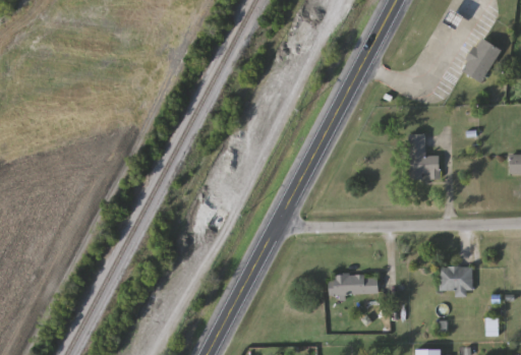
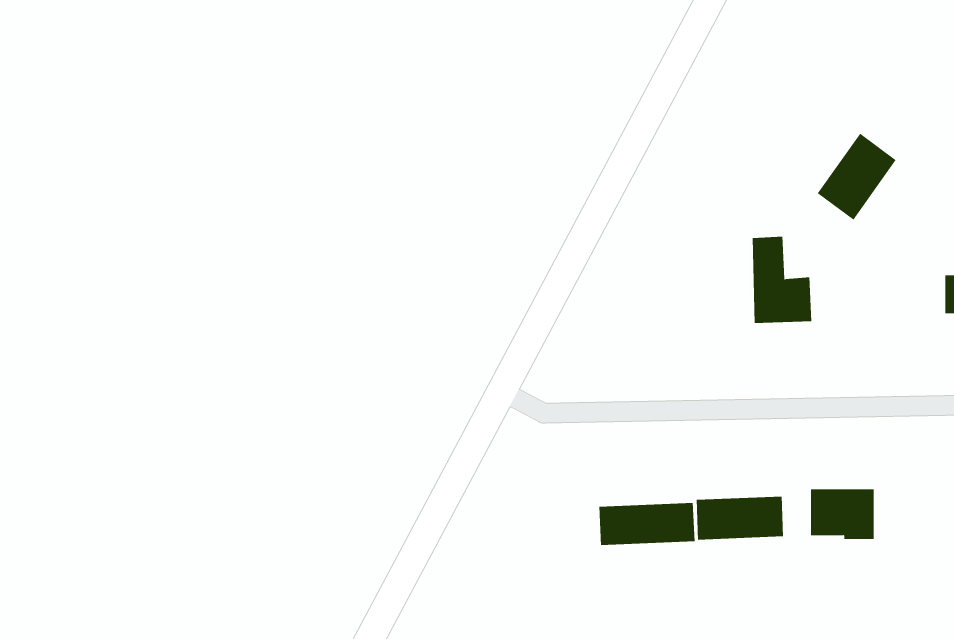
building: [460,38,502,83] -> [817,133,897,220]
building: none -> [696,496,784,540]

